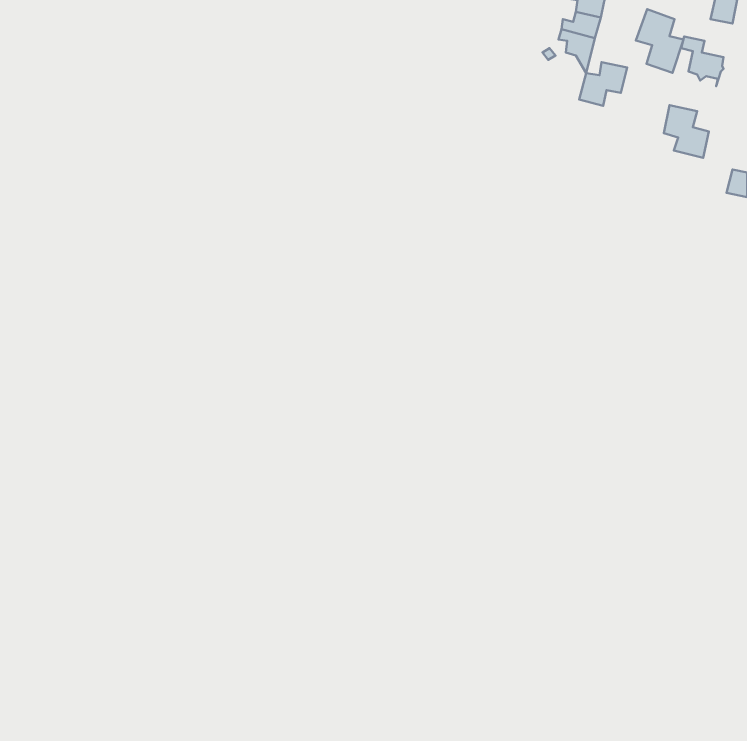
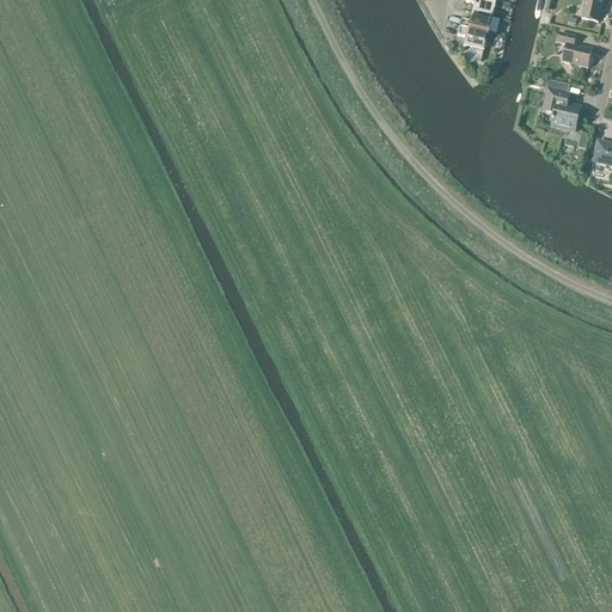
building: [636,9,683,73] -> none
building: [579,62,627,106] -> none

